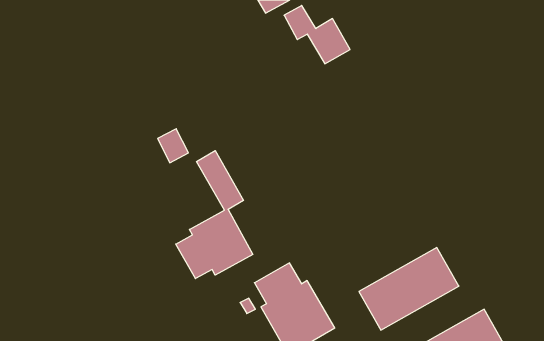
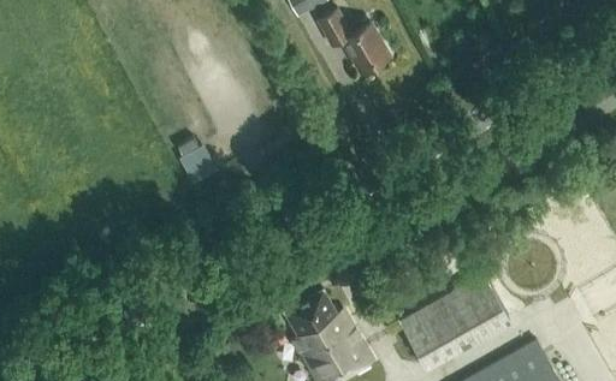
building: [176,151,253,279] -> none

